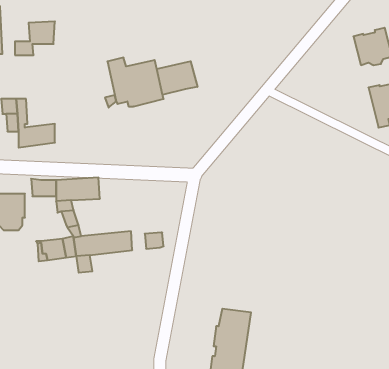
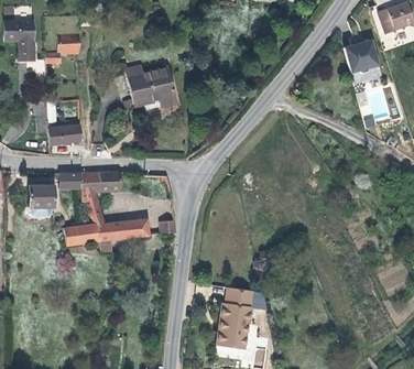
building: [157,61,197,95] -> none

